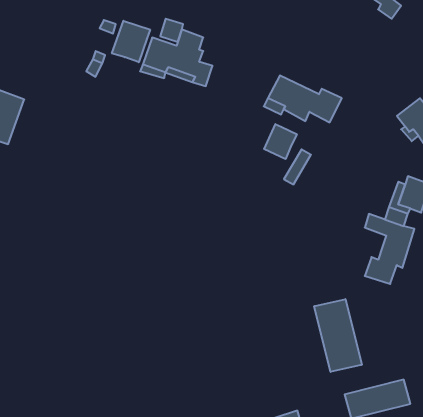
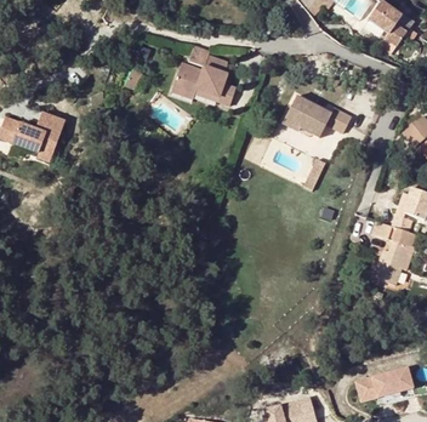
building: [112,21,150,62] -> none
building: [264,124,297,159] -> none
building: [314,299,362,372] -> none

